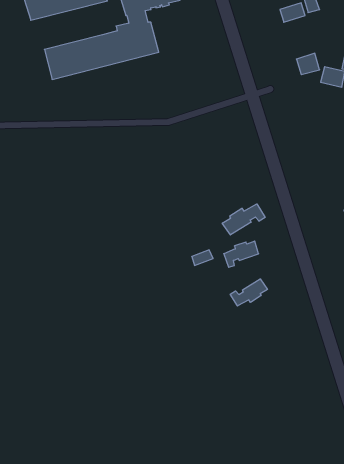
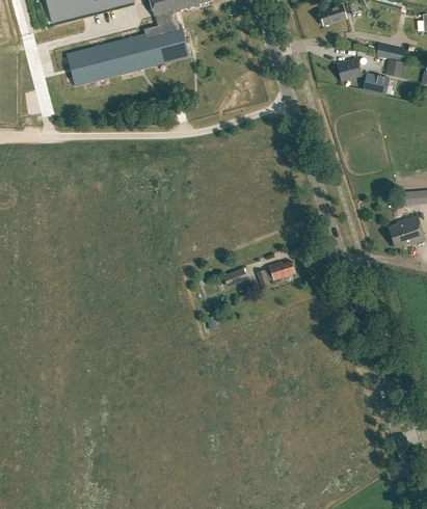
building: [222,204,265,235] -> none
building: [230,279,267,306] -> none

